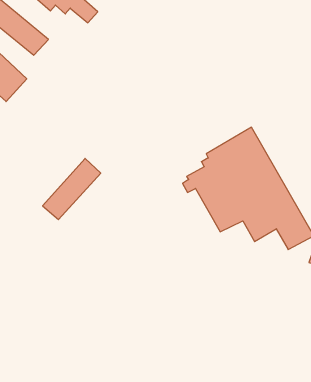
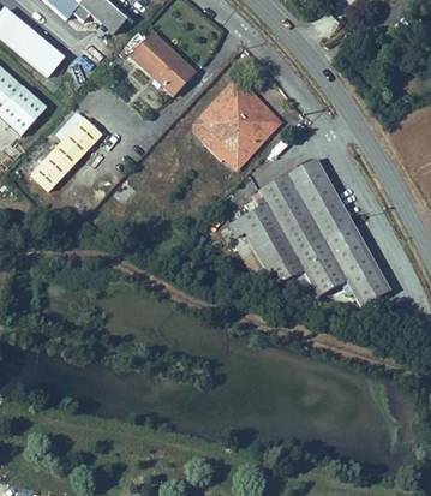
building: none -> [134,24,198,86]
building: none -> [186,83,267,169]
building: [43,158,101,220] -> [35,112,106,186]

